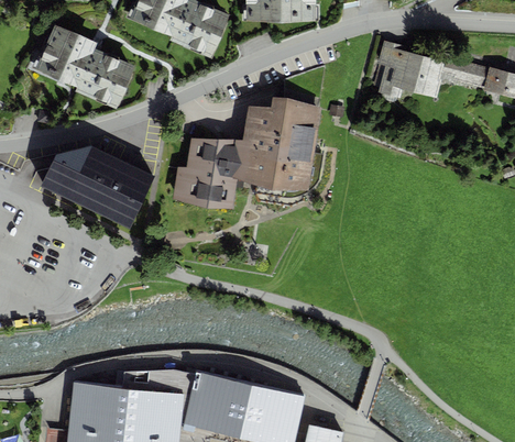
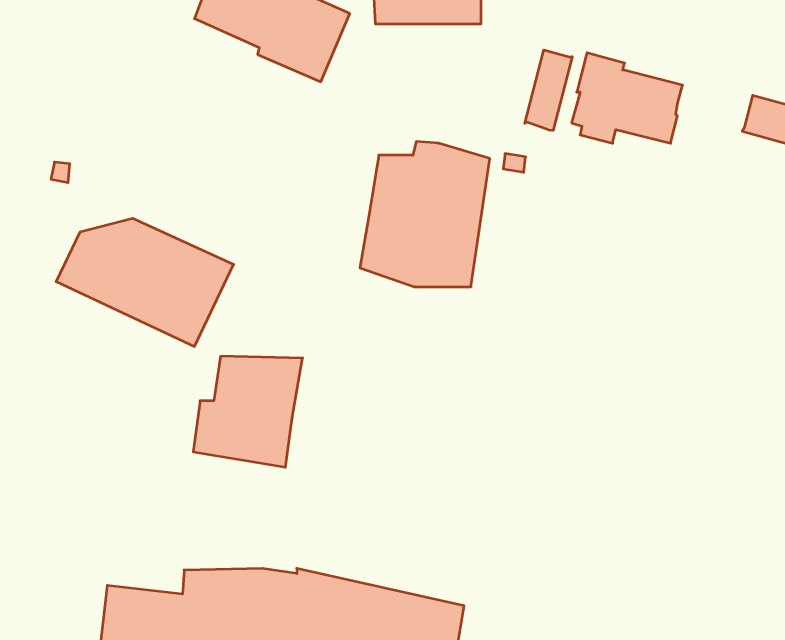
building: [34,23,135,109] -> none
building: none -> [525,50,572,130]
building: [441,59,490,88] -> none
building: [173,139,243,210] -> [193,356,303,467]

